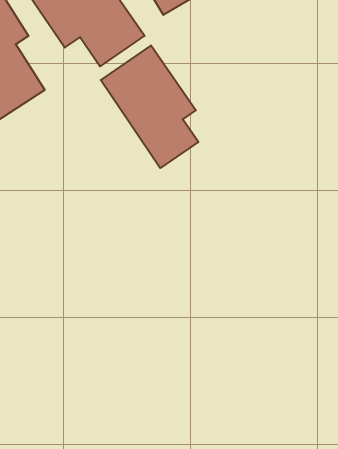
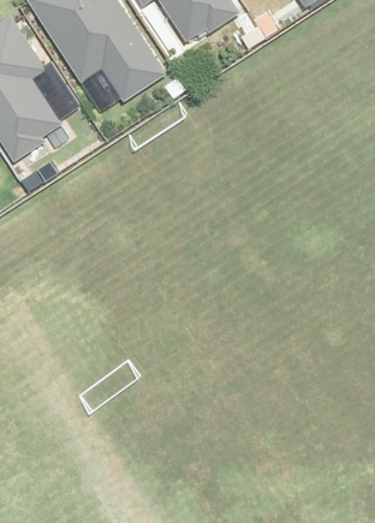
building: [101,45,198,168] -> none

